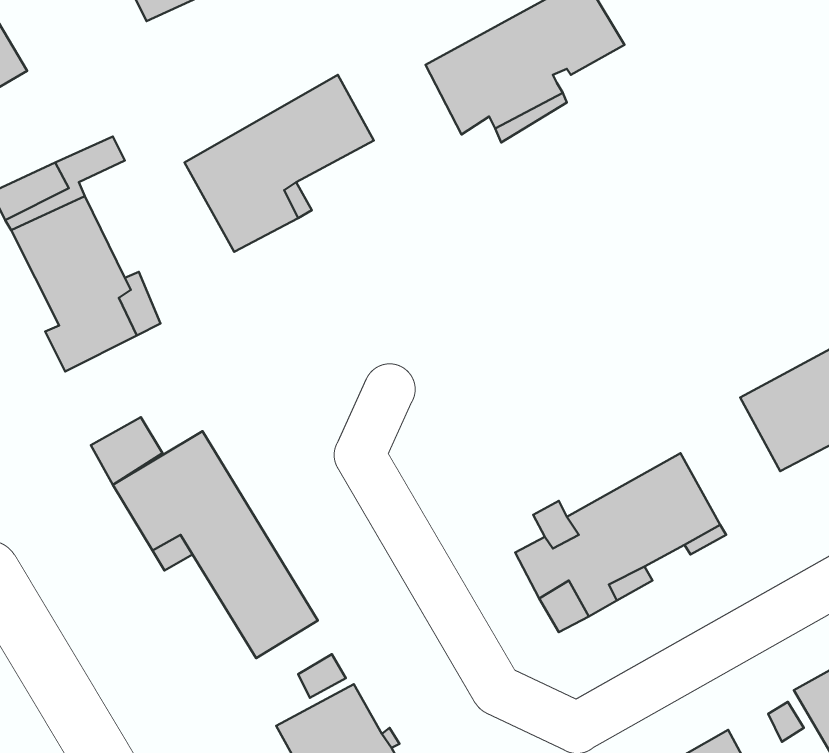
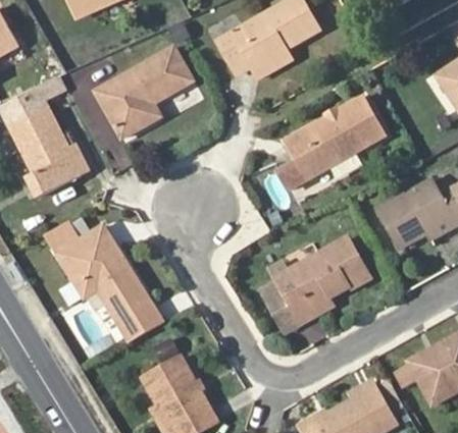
building: none -> [278,97,387,191]

